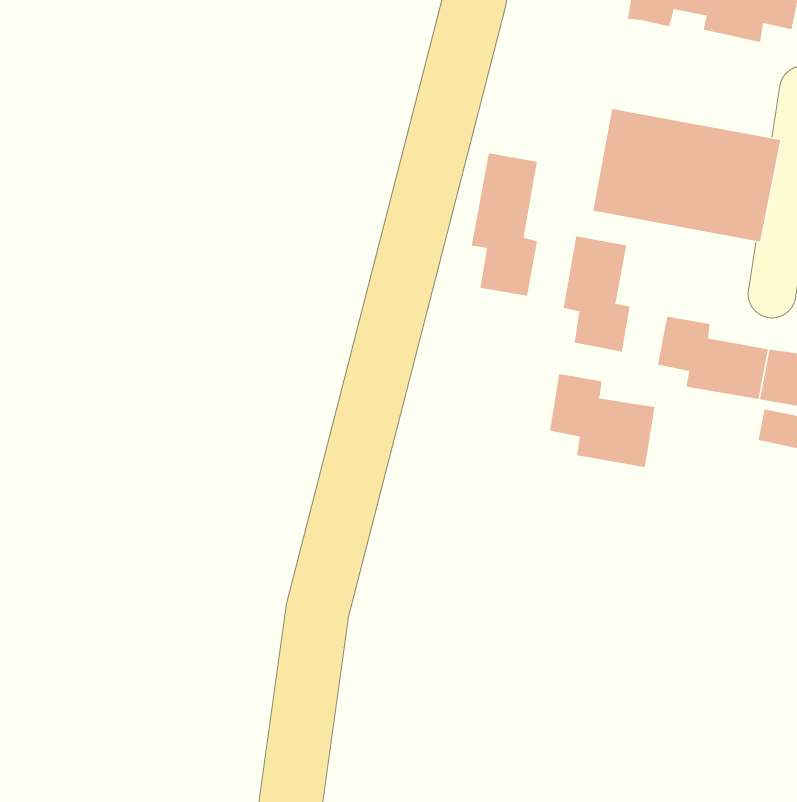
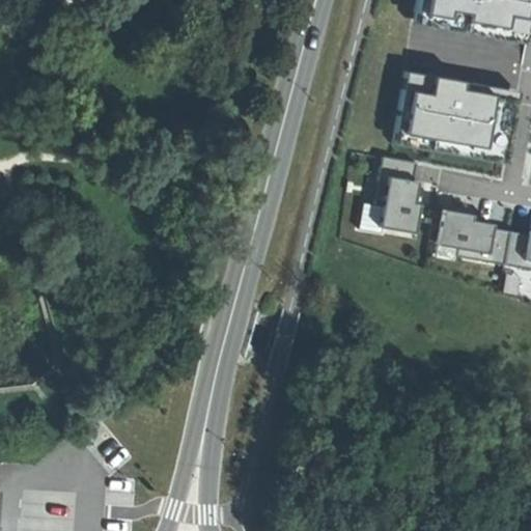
building: [471,153,538,297] -> none
building: [550,373,655,468] -> none

